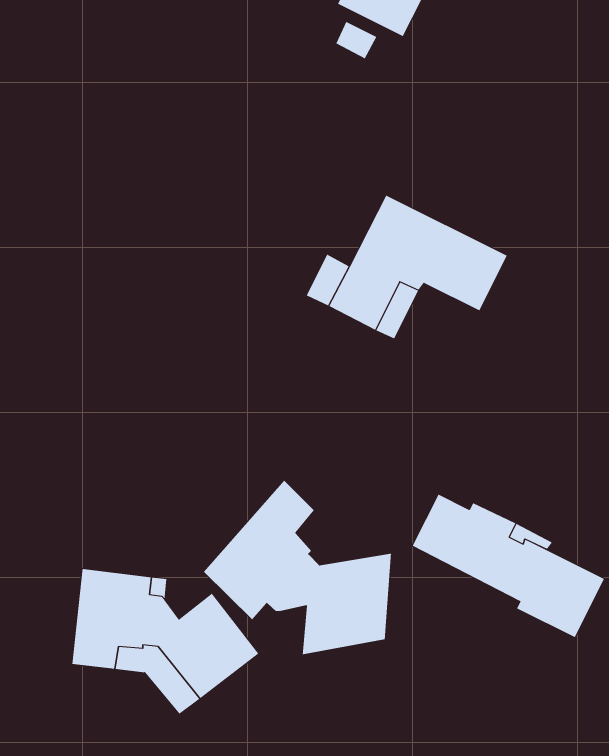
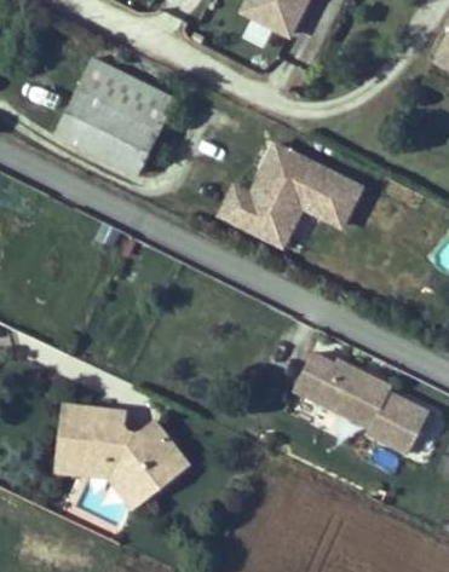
building: none -> [57,57,175,173]
building: [203,480,392,655] -> none

